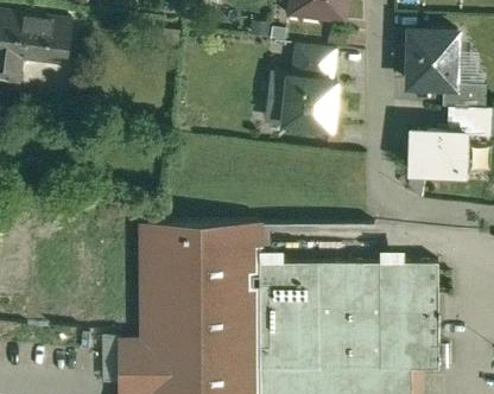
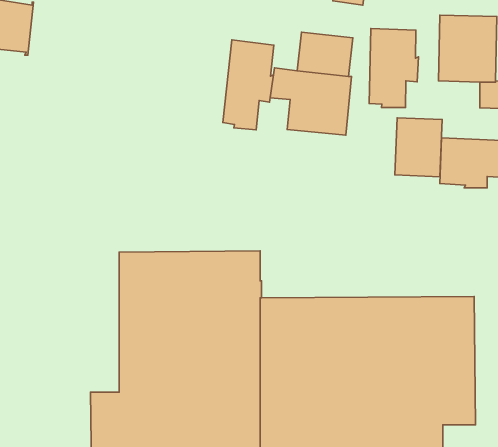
building: none -> [369,29,419,108]
building: none -> [223,40,274,130]
building: none -> [395,118,442,177]

